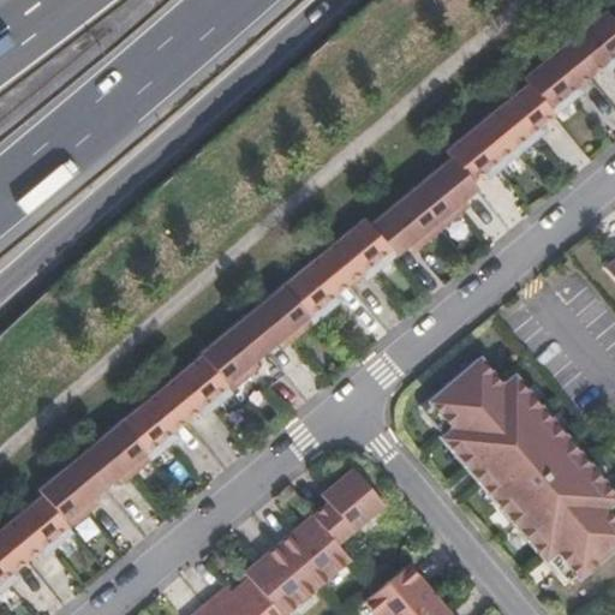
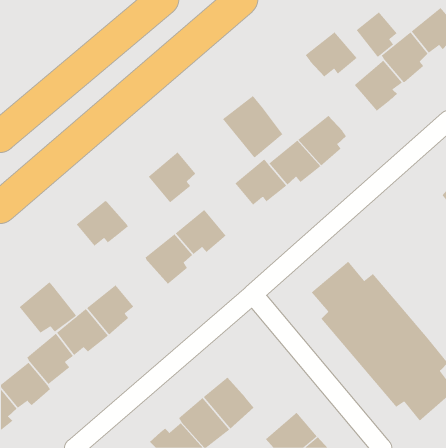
building: none -> [356,11,398,58]
building: [447,117,519,179] -> [305,32,358,77]
building: none -> [222,95,283,159]
building: [283,251,350,322] -> [148,151,196,203]
building: [162,356,234,419] -> [76,200,128,247]
building: none -> [19,282,76,333]
building: [315,467,384,543] -> none

